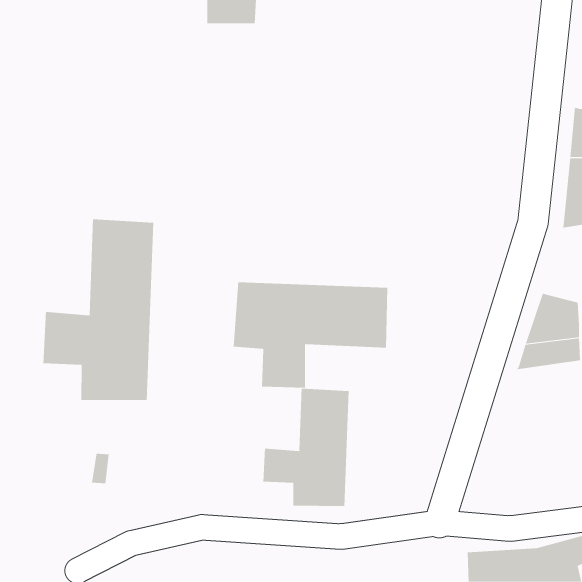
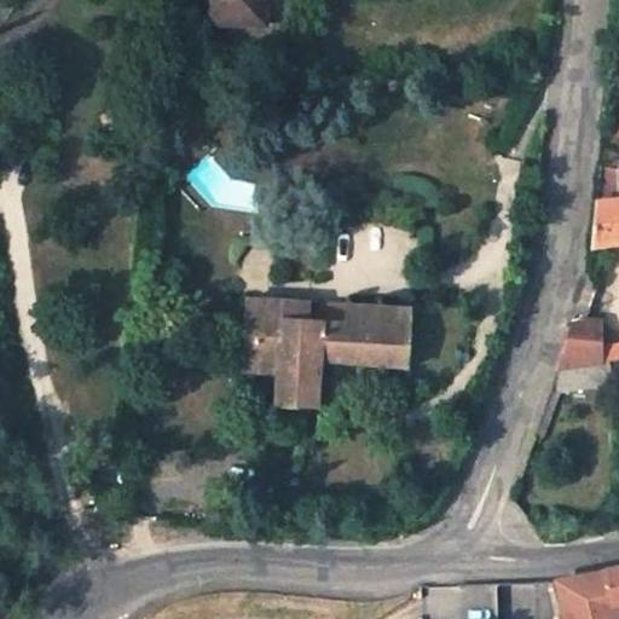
building: [43,219,154,401] -> none
building: [263,388,349,507] -> none

